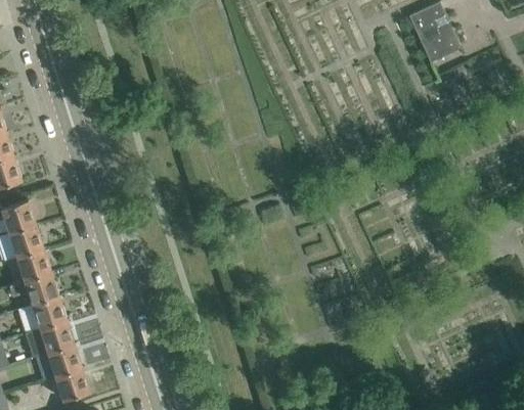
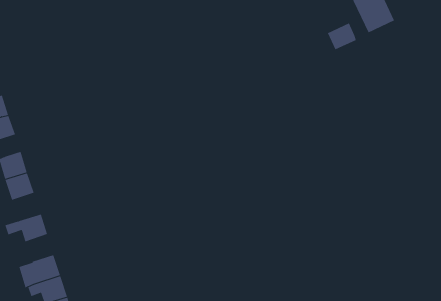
building: none -> [327,22,356,50]
building: [16,248,51,281] -> none
building: [32,297,66,328] -> none

